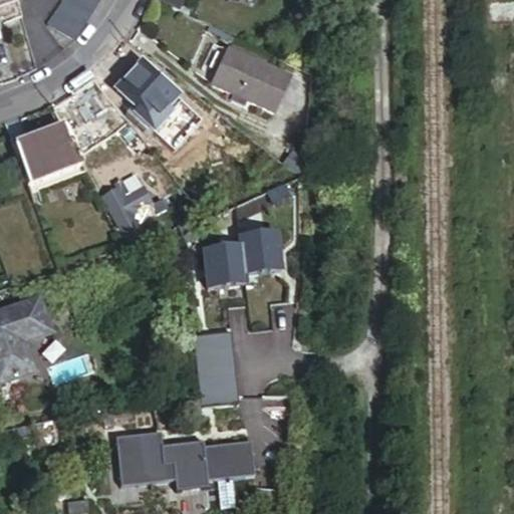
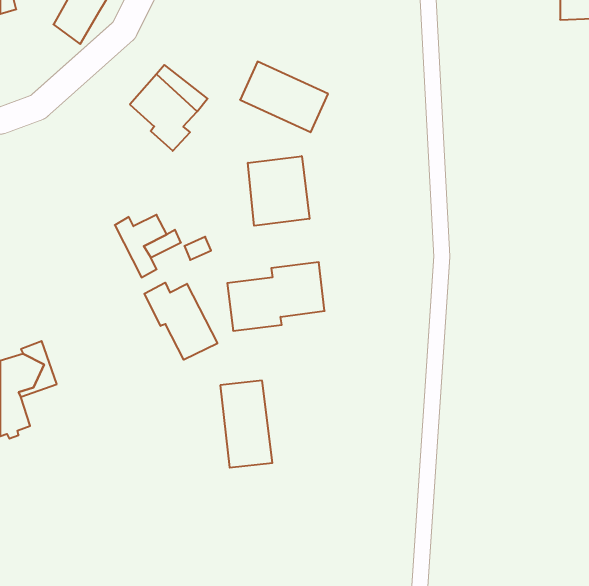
building: [9,125,78,183] -> none
building: none -> [248,156,309,226]
building: none -> [144,283,217,360]
building: [118,431,255,487] -> none

